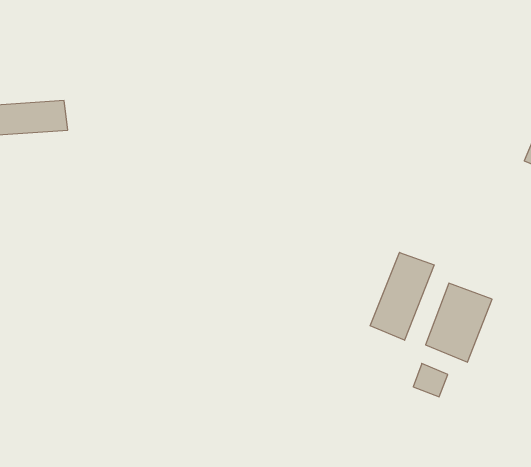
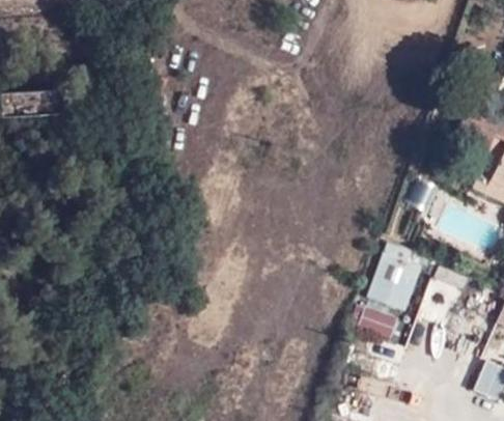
building: [370,252,434,340] -> none

